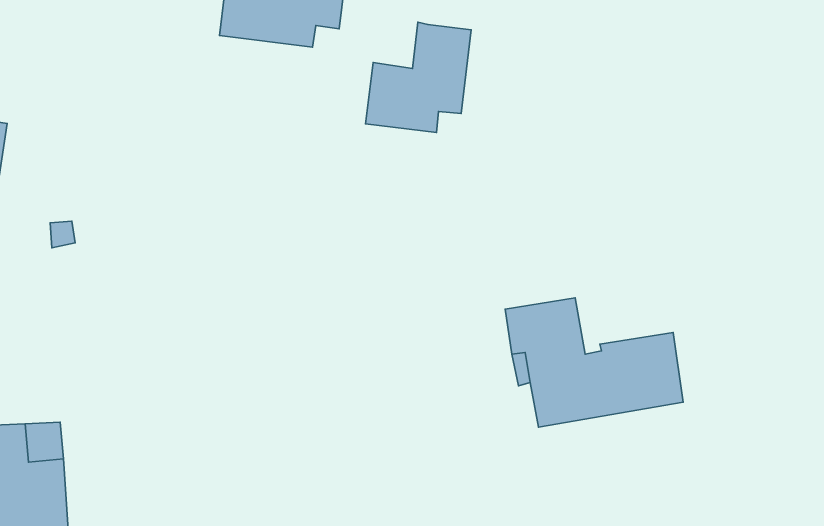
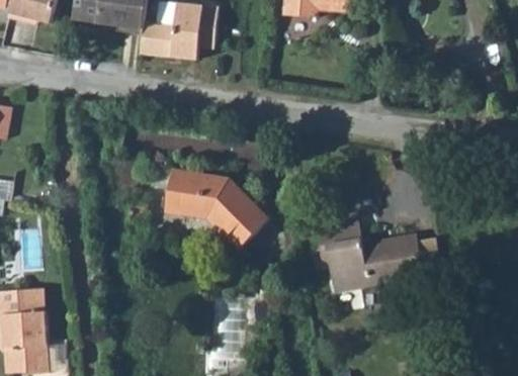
building: [366,22,471,132] -> none
building: none -> [165,171,267,249]

